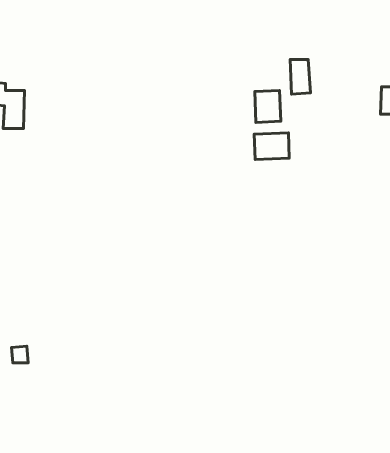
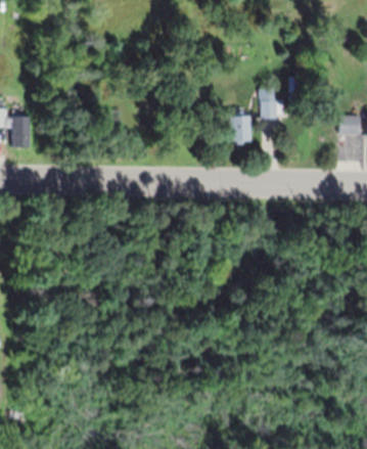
building: [254,133,289,159] -> none

